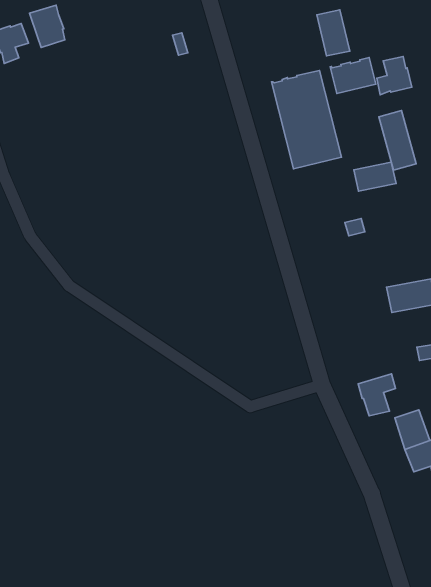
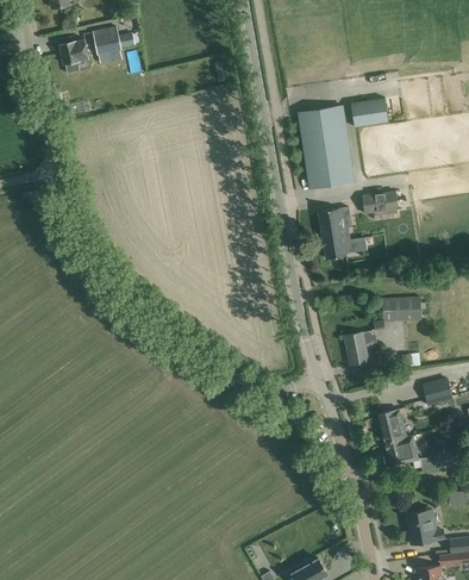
building: [317,10,350,56] -> none
building: [377,56,412,95] -> none
building: [379,110,416,170] -> [318,208,346,260]
building: [358,374,396,416] -> [344,330,376,364]

